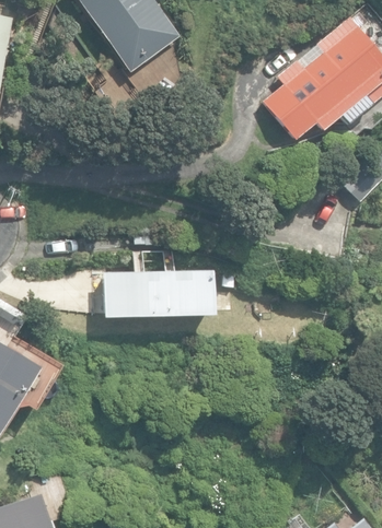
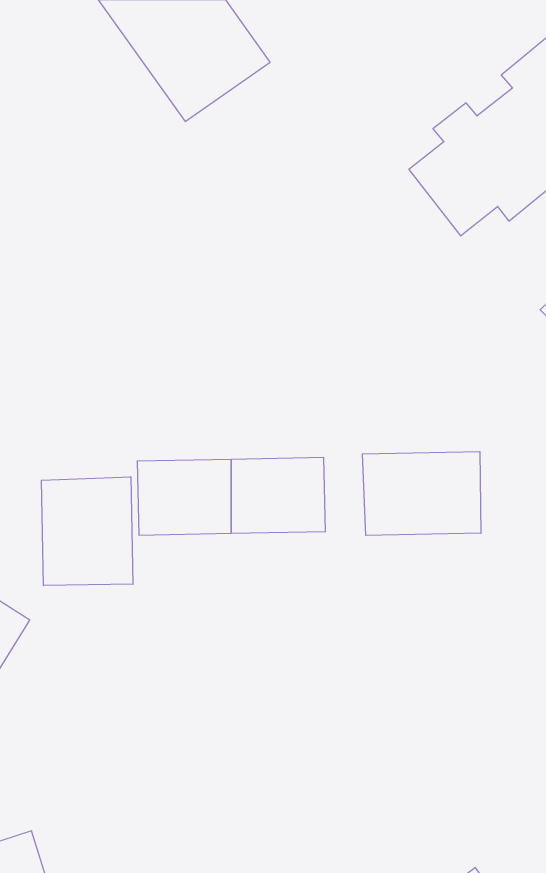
building: none -> [362,452,481,535]
building: none -> [41,477,133,586]

